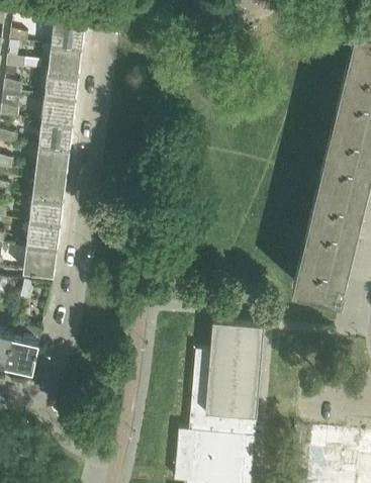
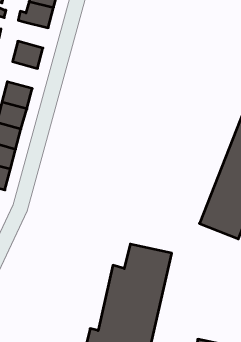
building: [44,76,79,104] -> none
building: [38,125,73,155] -> none

